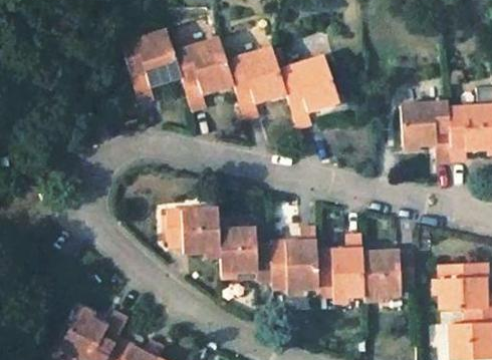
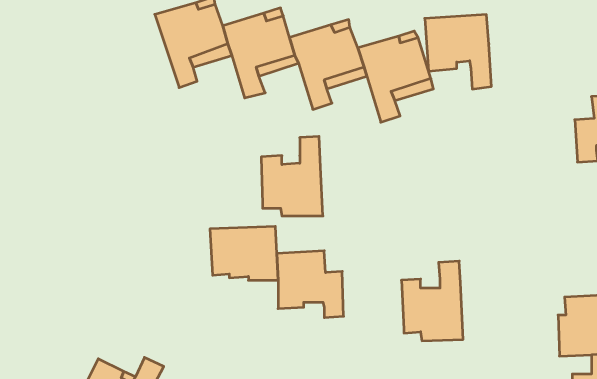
building: [400,102,452,160] -> [425,15,491,89]
building: [268,227,316,289] -> [261,136,323,216]
building: [360,251,413,297] -> none

